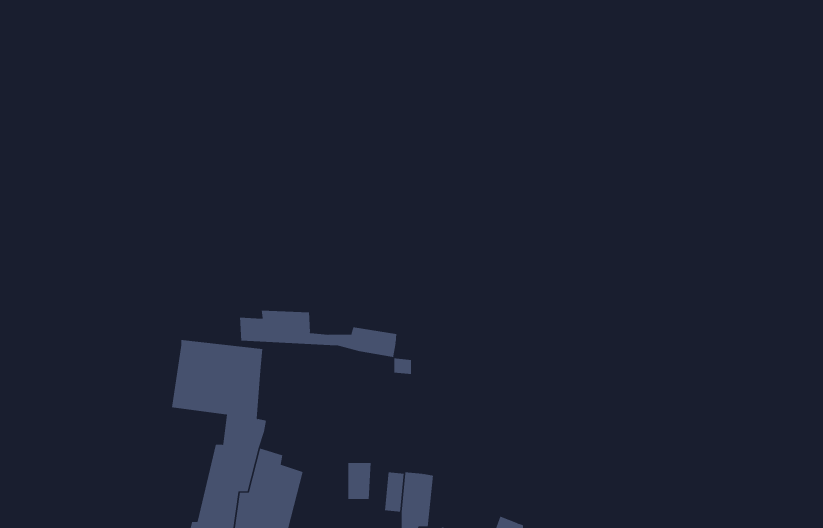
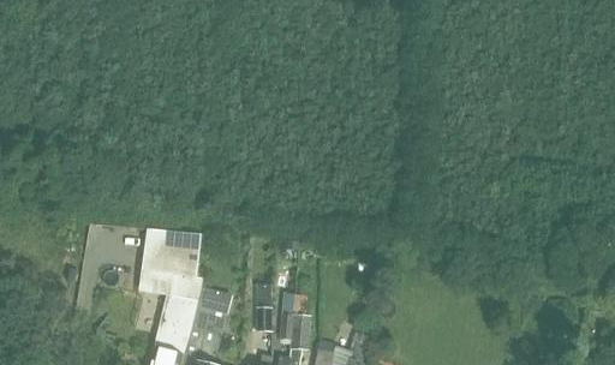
building: [239,310,397,358] -> none

